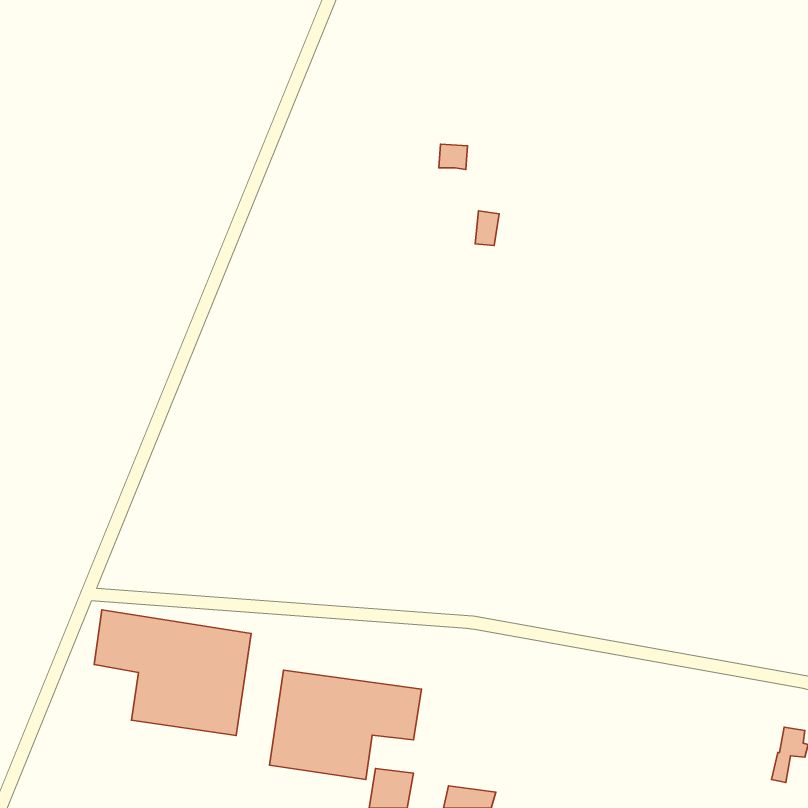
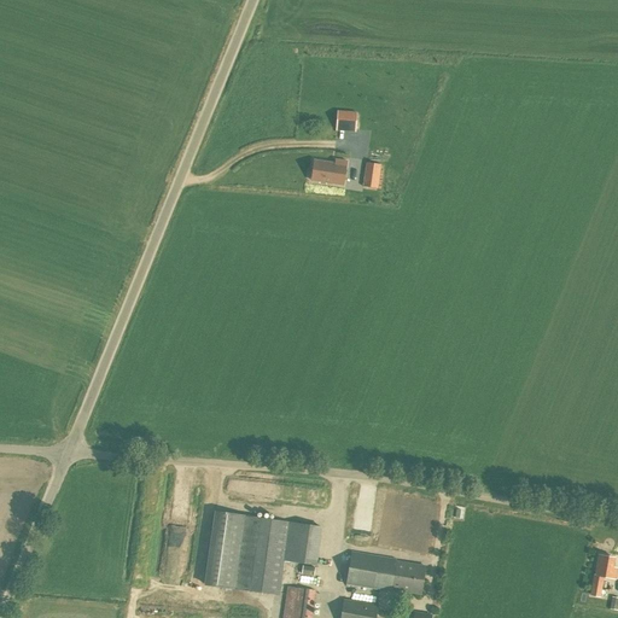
building: none -> [309,158,345,185]
building: [94,610,251,736] -> none
building: none -> [344,550,425,594]

